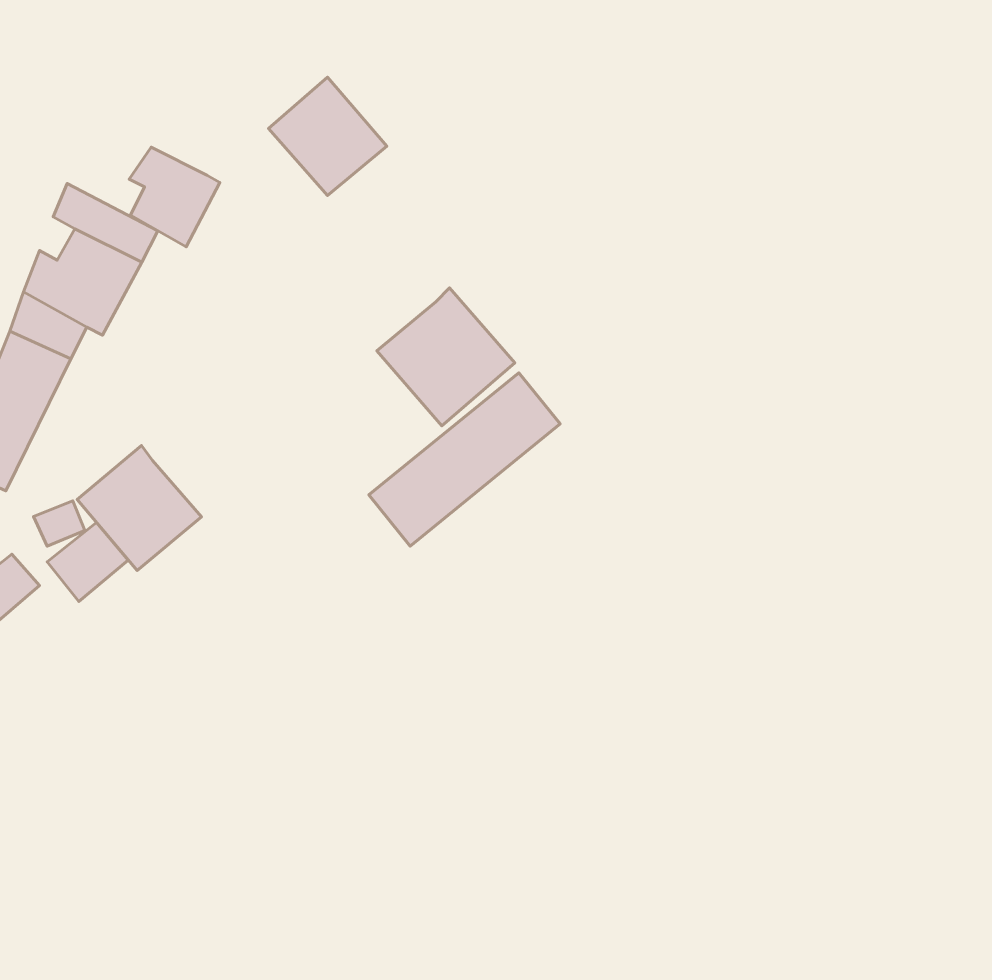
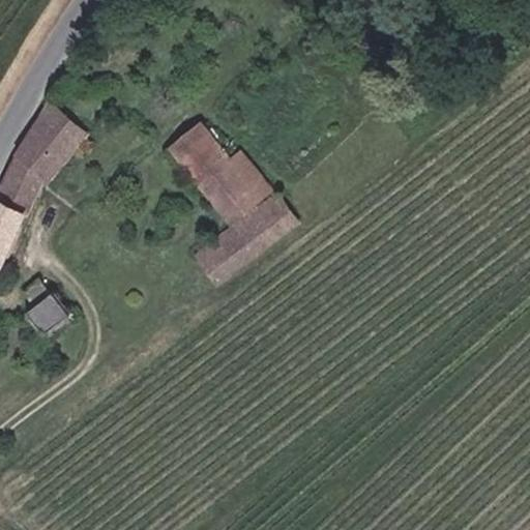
building: [268,77,387,195] -> [167,122,229,184]
building: [129,147,220,247] -> none
building: [77,446,201,571] -> none

